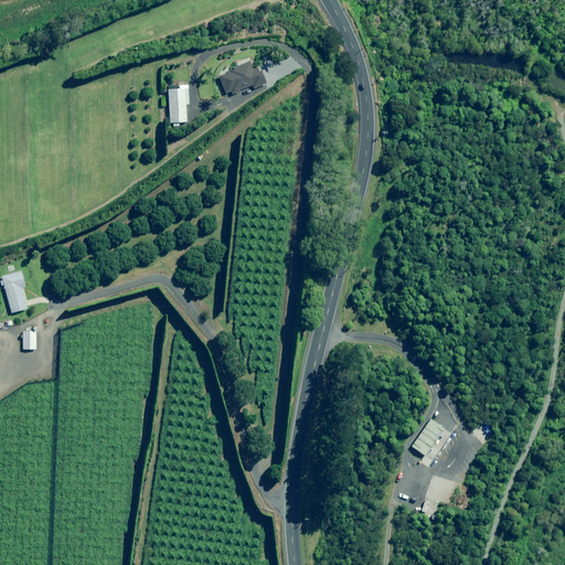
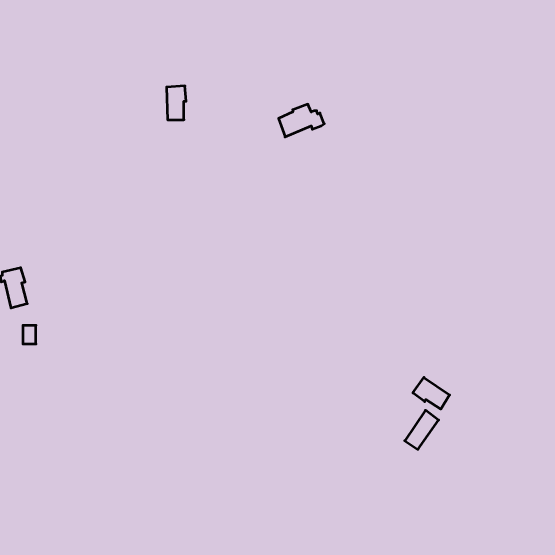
building: [218,61,265,94] -> [279,104,324,137]
building: none -> [413,377,450,409]

